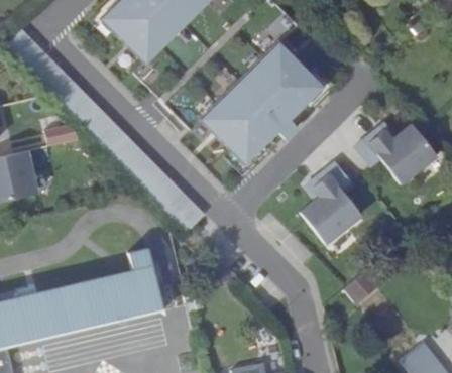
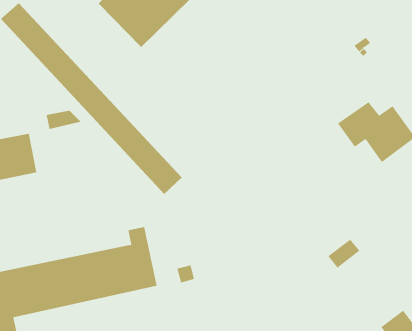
building: [196,33,322,159] -> none
building: [292,164,353,247] -> none

